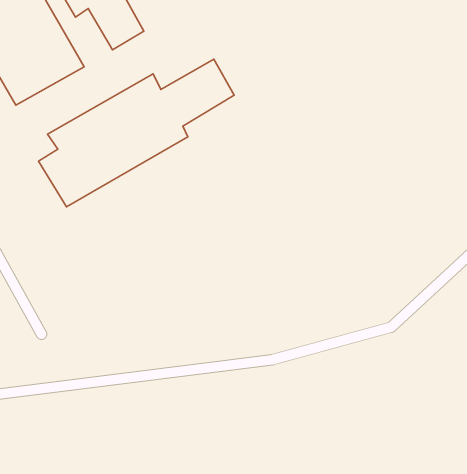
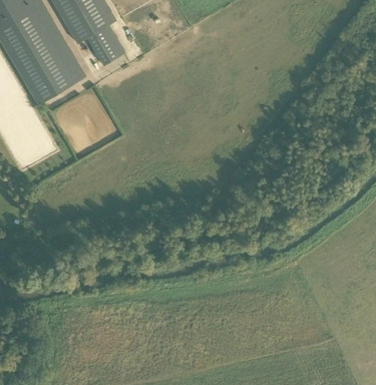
building: [38,59,234,207] -> none

